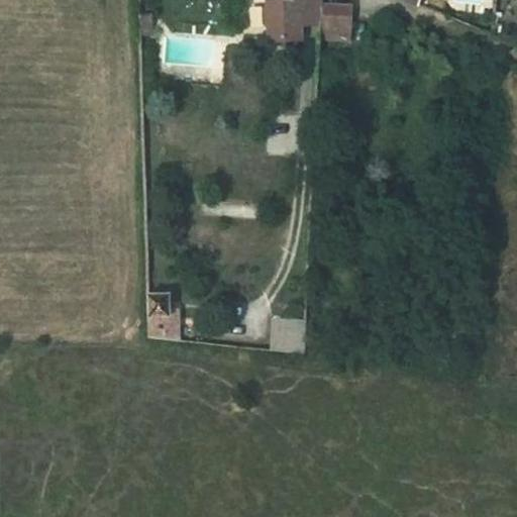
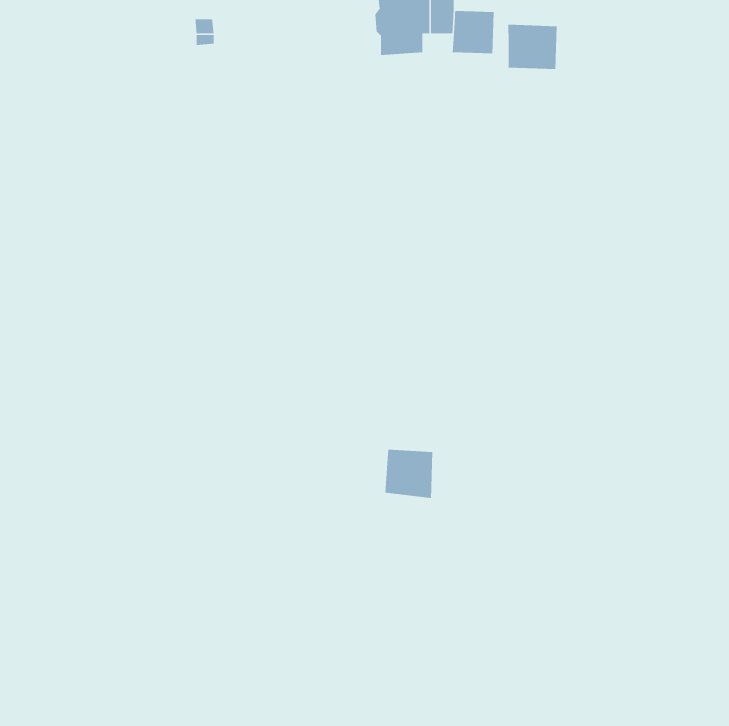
building: none -> [508,24,558,70]
building: [147,294,179,338] -> none

